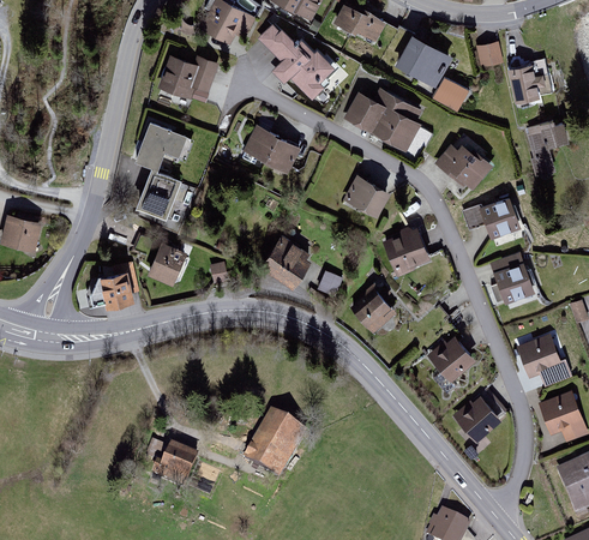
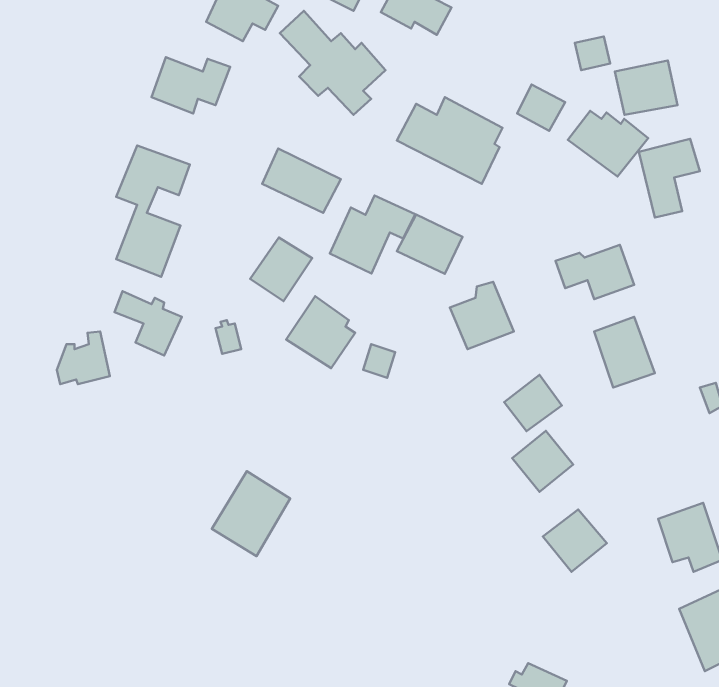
building: [395,34,452,88] -> none
building: [433,143,493,192] -> [568,111,648,177]
building: none -> [330,196,415,274]
building: none -> [250,238,312,301]
building: [354,290,397,332] -> [504,375,562,431]
building: [517,332,566,379] -> none
building: [244,410,302,474] -> [212,471,290,556]
building: [151,442,194,485] -> none

